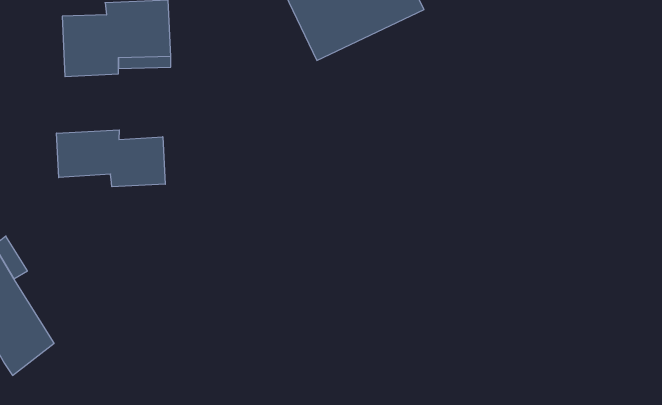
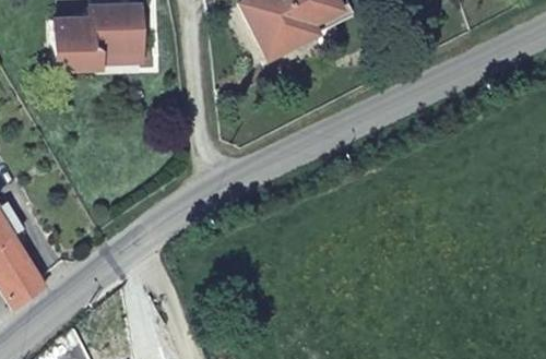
building: [57,130,165,187] -> none

